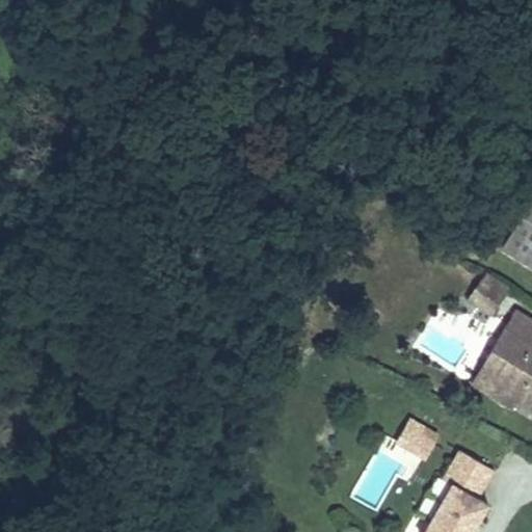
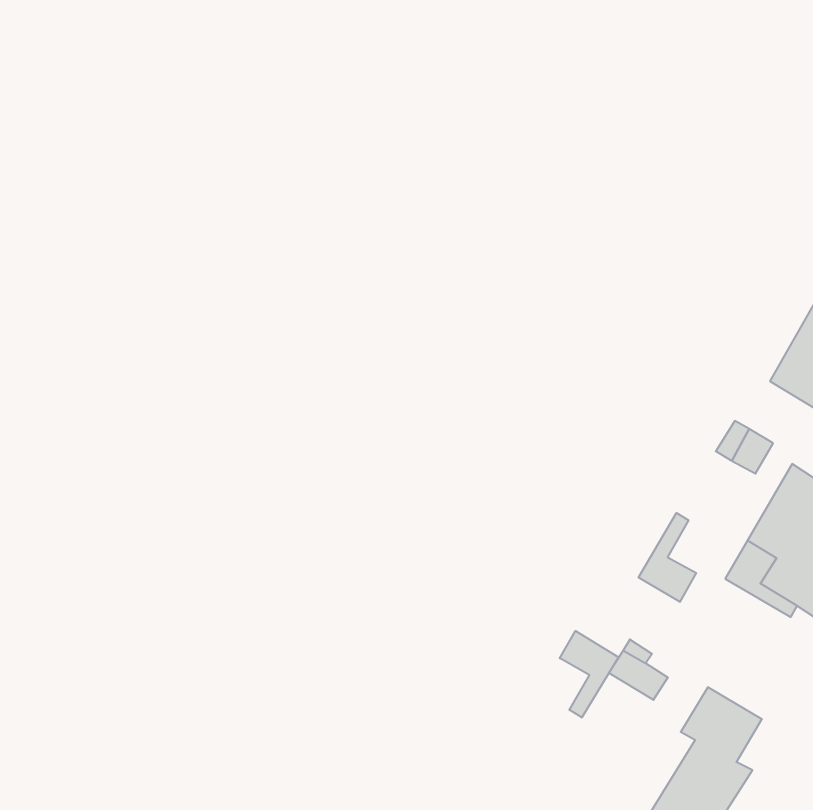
building: none -> [639,513,696,602]
building: none -> [560,631,619,718]

